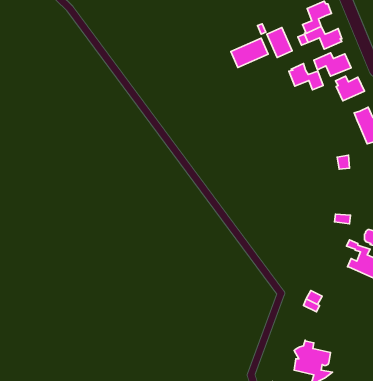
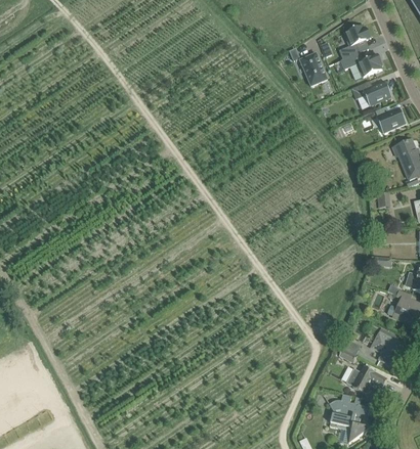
building: [231,38,268,67] -> none
building: [289,64,323,90] -> none
building: none -> [372,331,402,365]
building: none -> [345,365,386,392]

